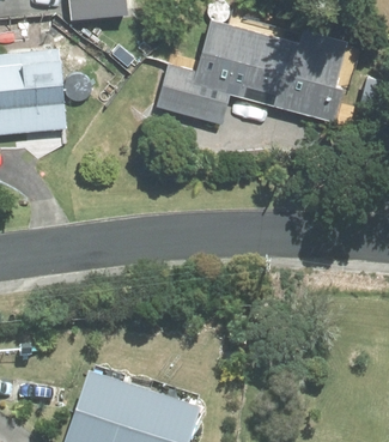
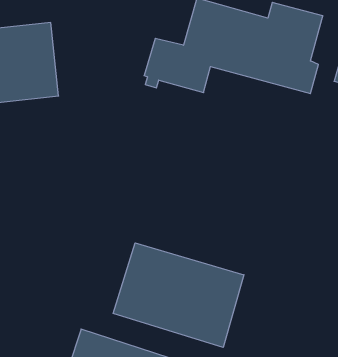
building: none -> [113,243,244,347]

